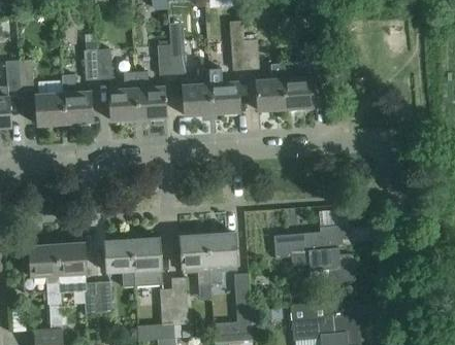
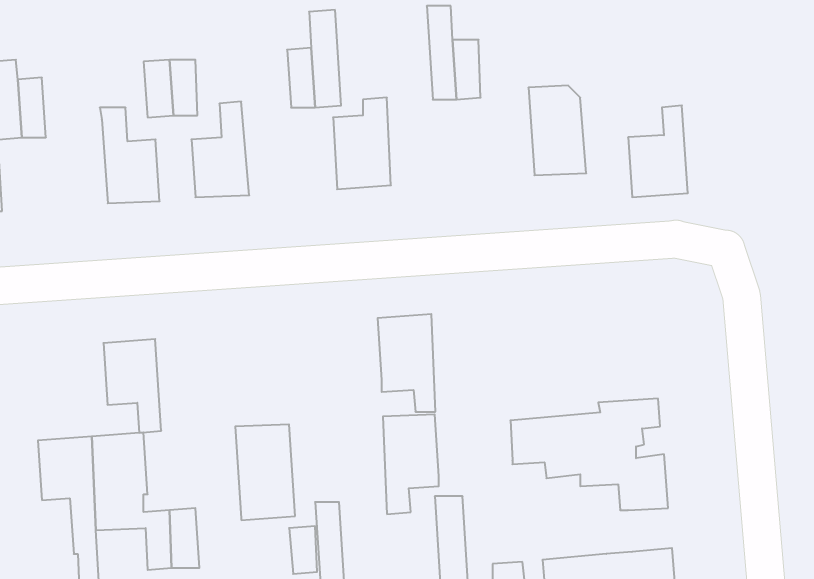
building: [255,64,286,111] -> [628,105,688,197]
building: [209,68,239,114] -> none
building: [134,71,165,119] -> none
building: [35,80,65,126] -> none
building: [180,234,209,284] -> [378,314,435,412]
building: [104,239,134,287] -> [103,339,161,433]

